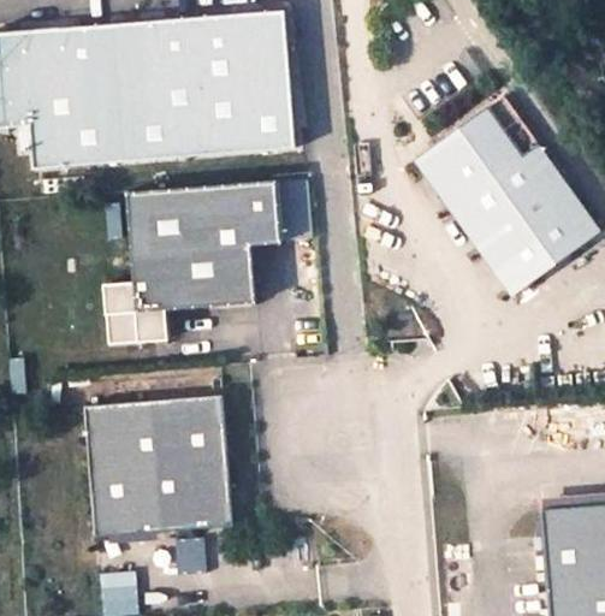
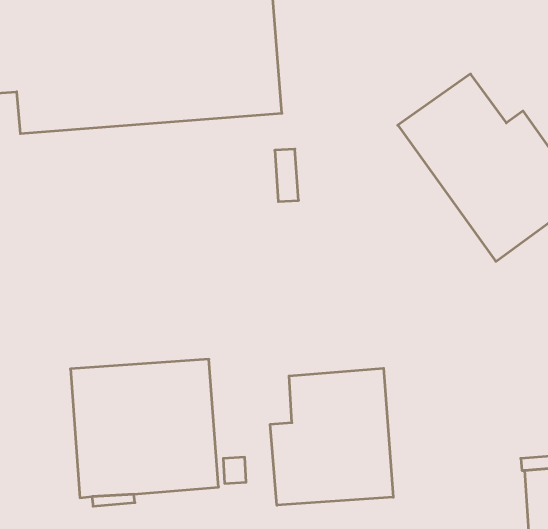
building: [105,179,283,344] -> none
building: none -> [270,368,393,505]

